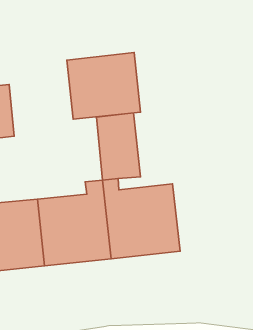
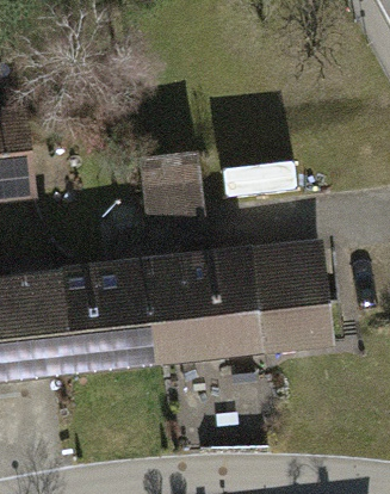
building: [67,52,141,119] -> none
building: none -> [248,248,329,348]

